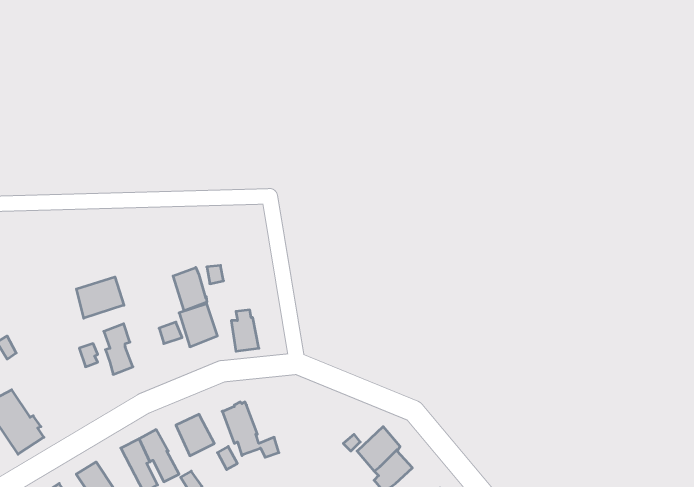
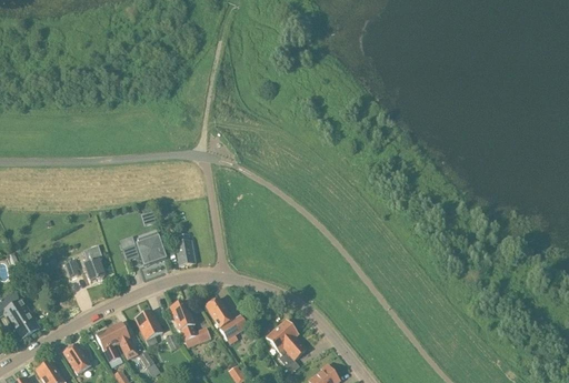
building: [173,267,207,311] -> none
building: [76,277,124,318] -> none
building: none -> [206,296,248,339]

